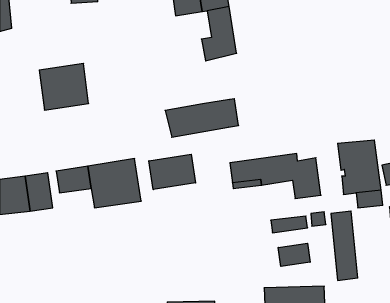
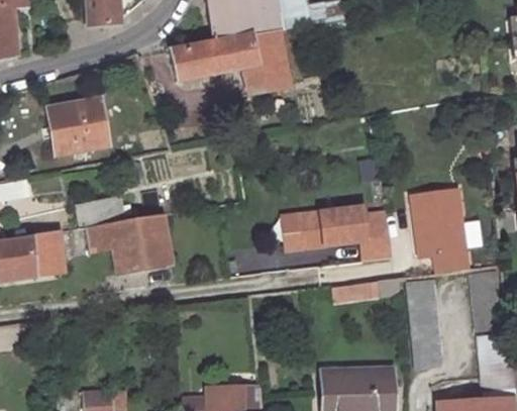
building: [165,99,239,137] -> [169,34,257,81]
building: [149,154,196,190] -> none
building: [278,243,310,266] -> none

